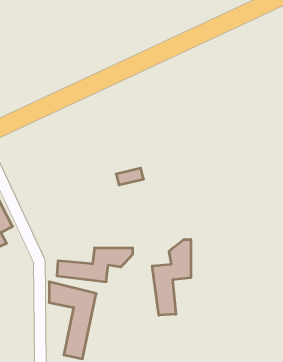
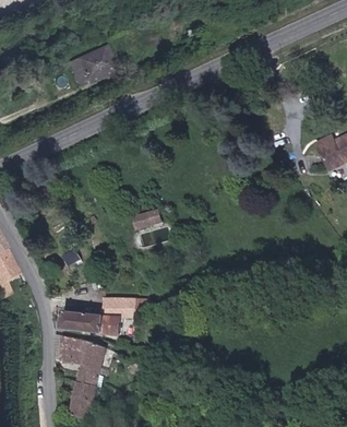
building: none -> [69,46,117,83]
building: [152,239,191,315] -> none

